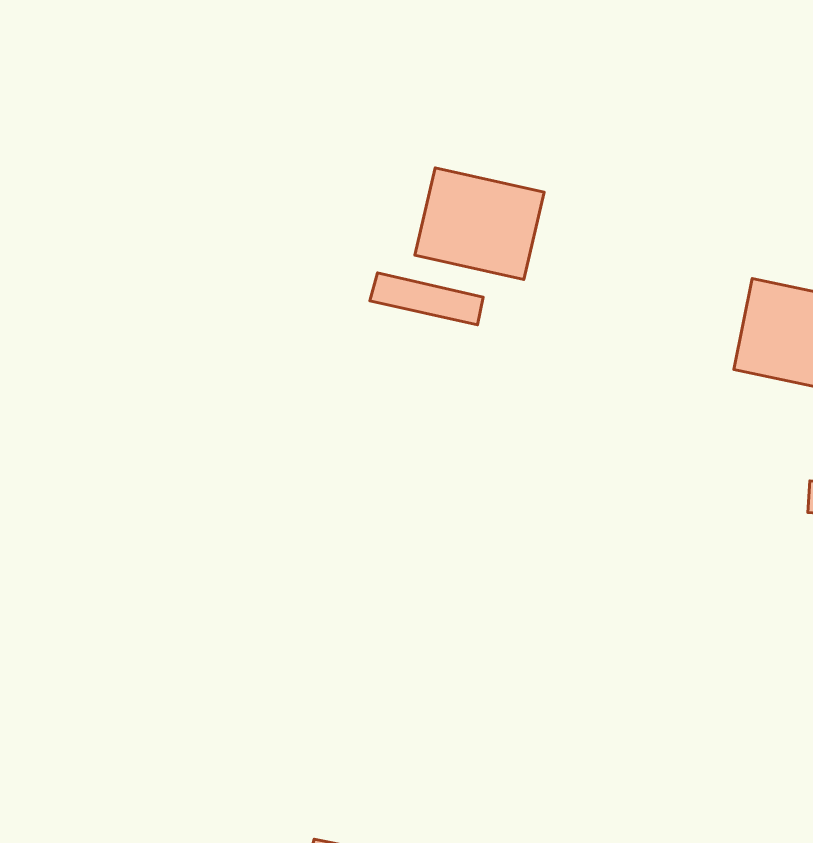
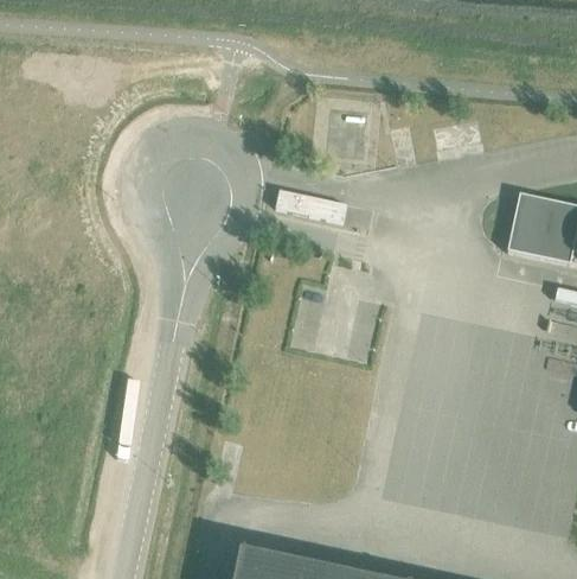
building: [415,168,544,280] -> none

